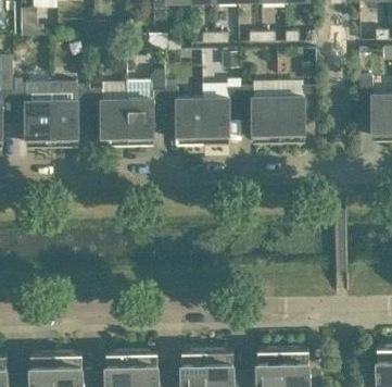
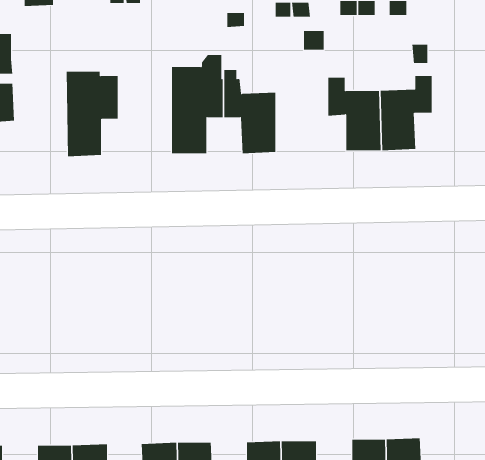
building: [13,83,52,145] -> none
building: [89,83,127,143] -> none
building: [203,87,240,141] -> none

